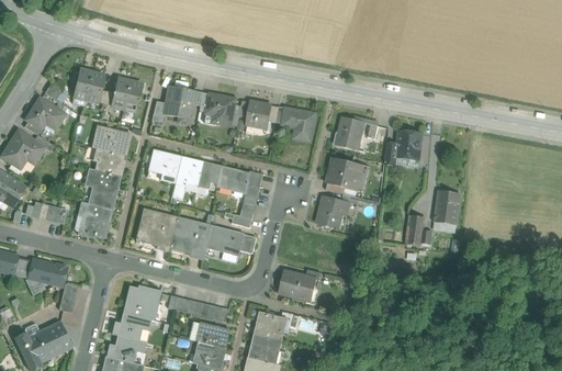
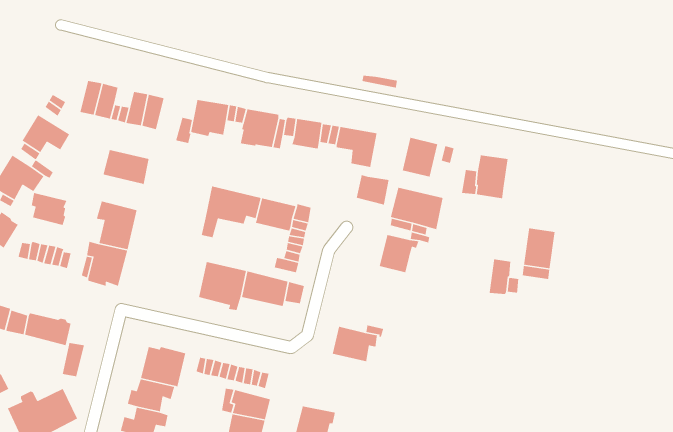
building: none -> [356,174,390,205]
building: [94,148,124,176] -> [31,192,67,226]
building: [149,149,181,182] -> none
building: [138,210,177,250] -> none
building: [255,313,285,340] -> none

